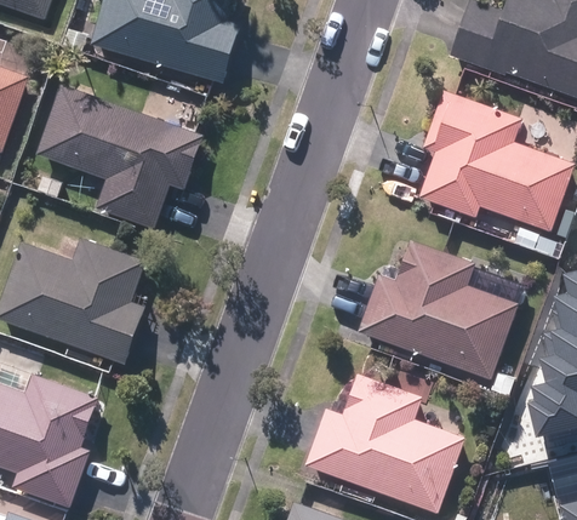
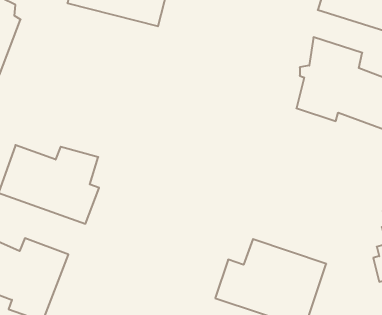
building: [38,87,204,219] -> none
building: [362,242,508,373] -> none

